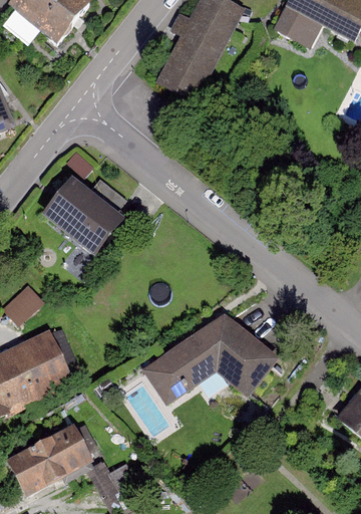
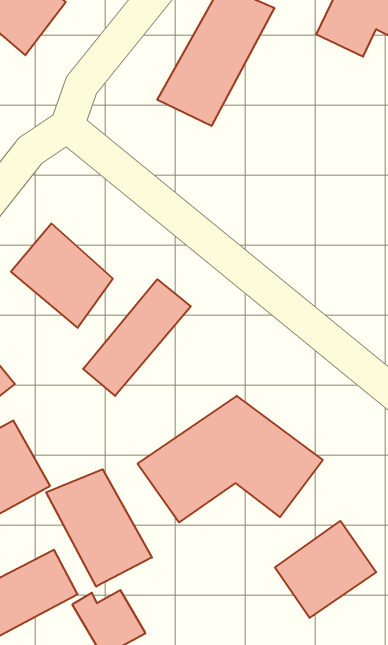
building: none -> [83,279,191,396]
building: none -> [46,469,152,587]
building: none -> [275,521,376,618]

